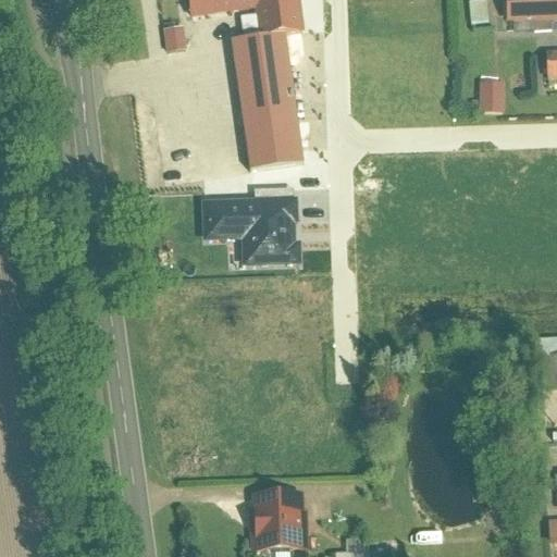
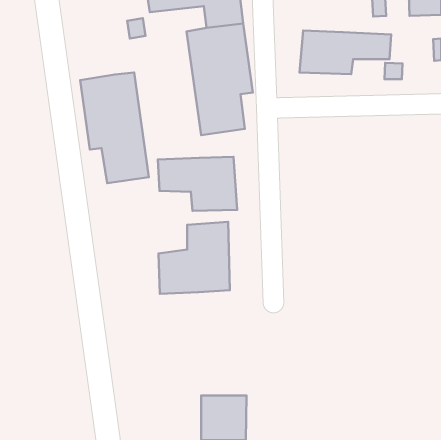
building: none -> [300,31,391,74]
building: none -> [80,72,149,183]
building: none -> [159,222,230,294]

